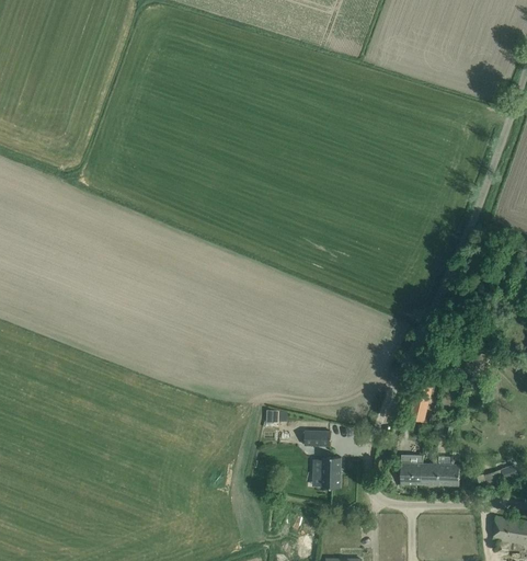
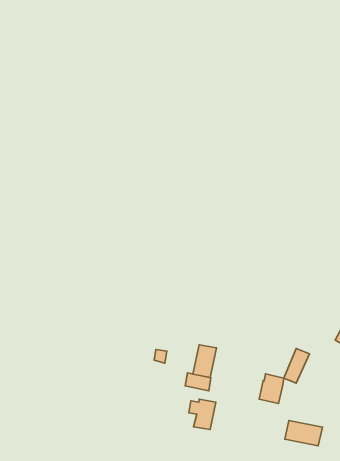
building: none -> [193,345,216,377]
building: [399,455,422,484] -> [259,374,284,404]

